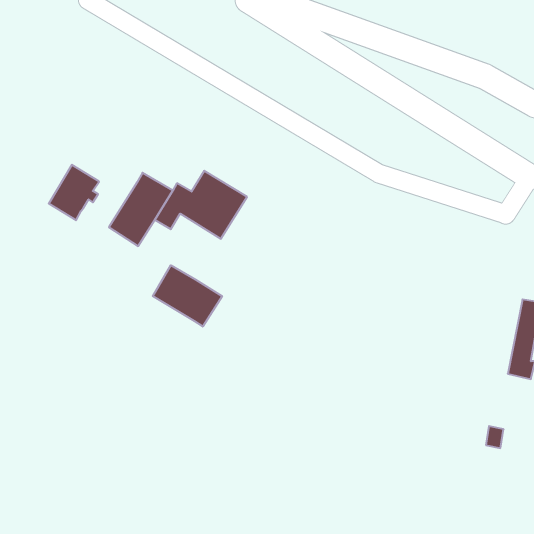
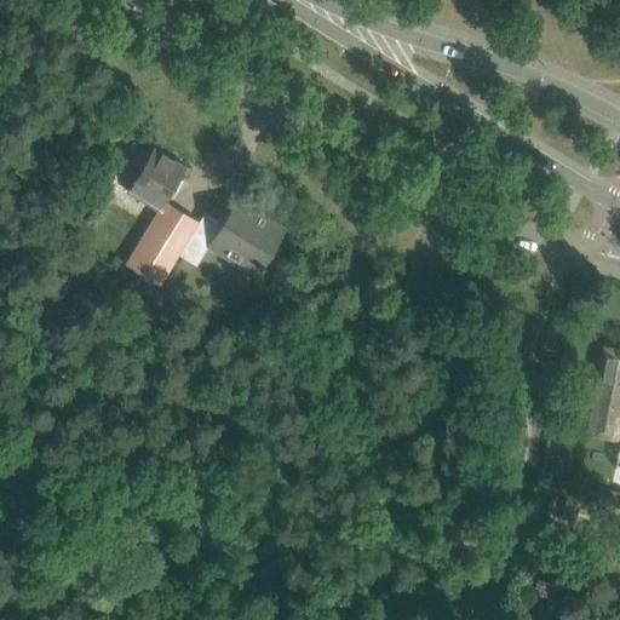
building: [49,165,99,220] -> [128,148,186,212]
building: [153,265,222,327] -> none

